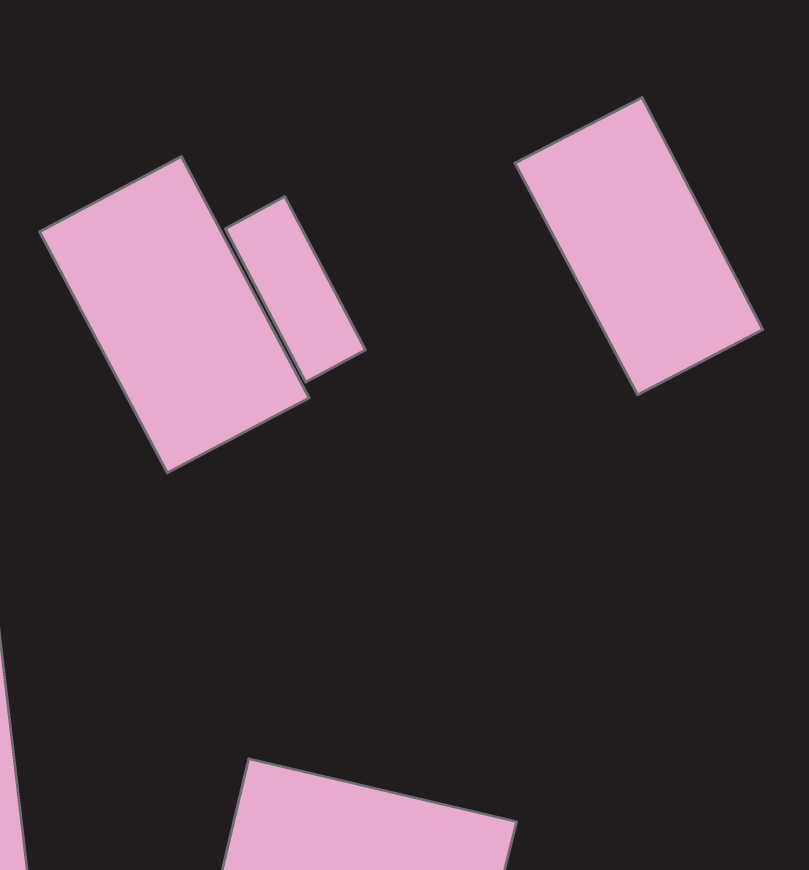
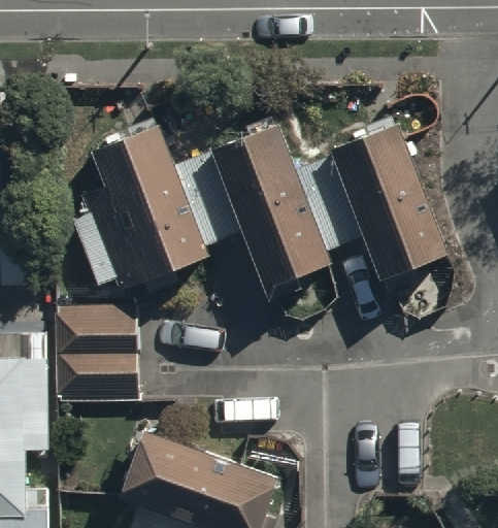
building: none -> [210,130,327,300]
building: none -> [64,315,141,402]

